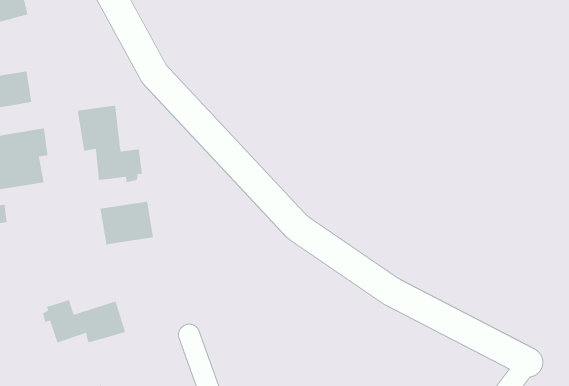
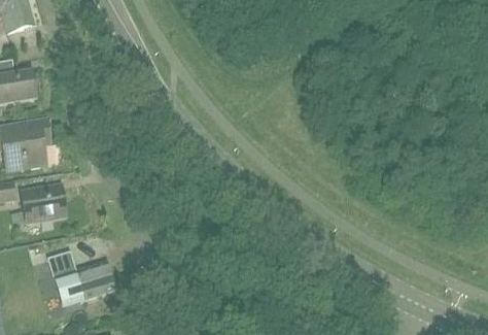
building: [77,105,143,183] -> none
building: [100,201,154,245] -> [21,185,66,222]

